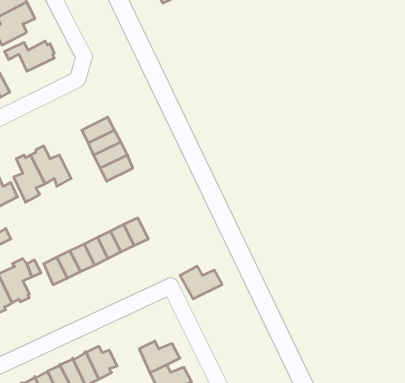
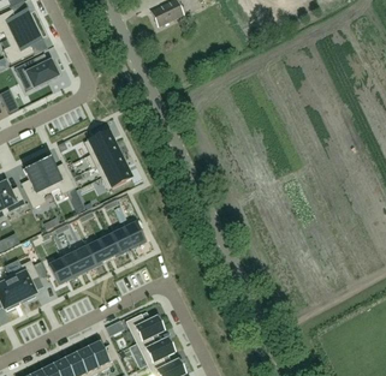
building: [180,266,222,299] -> [125,314,164,344]

